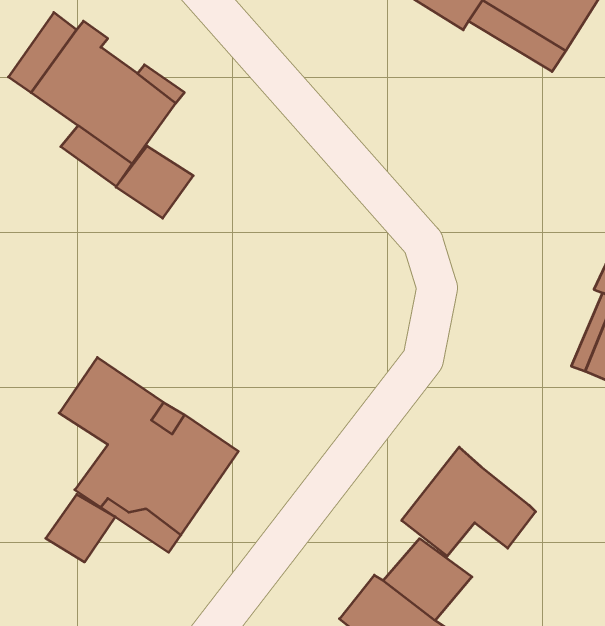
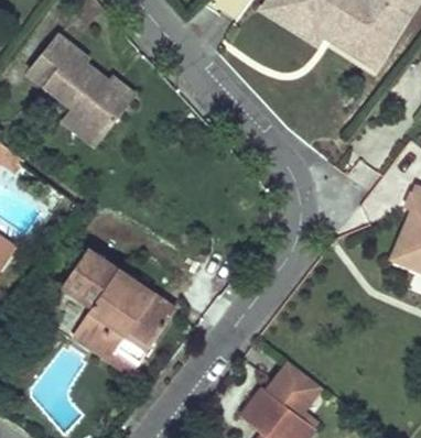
building: [116,146,193,218] -> none
building: [402,447,536,556] -> none
building: [46,494,115,562] -> none

